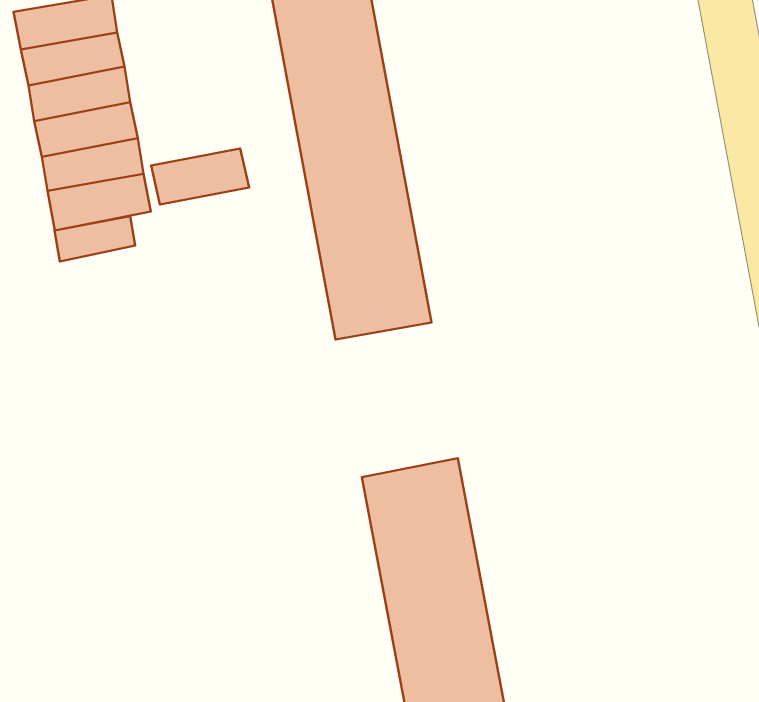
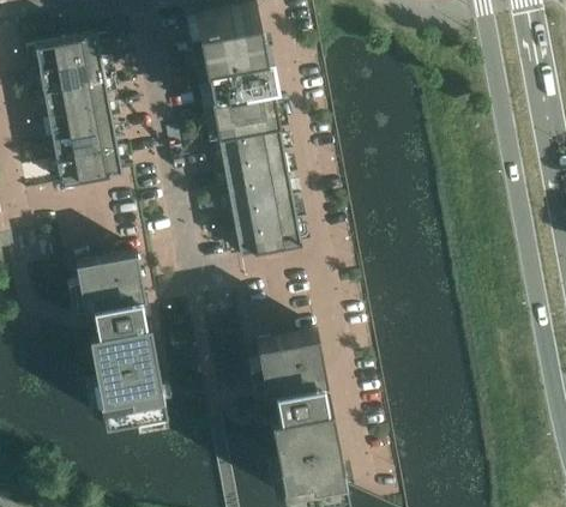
building: [151,149,249,205] -> none
building: [54,216,135,262] -> none
building: none -> [74,253,165,423]

